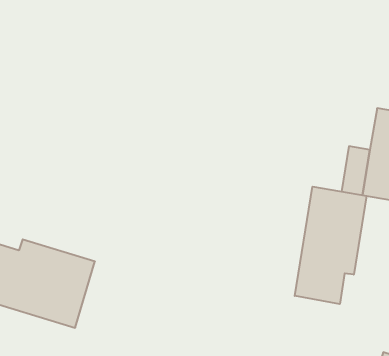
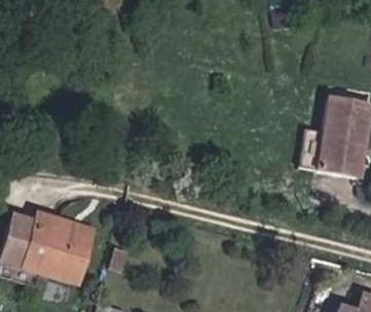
building: [295,187,367,304] -> none

